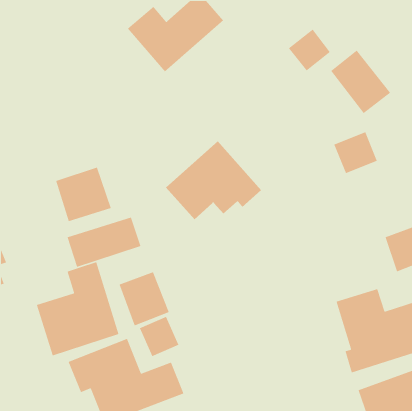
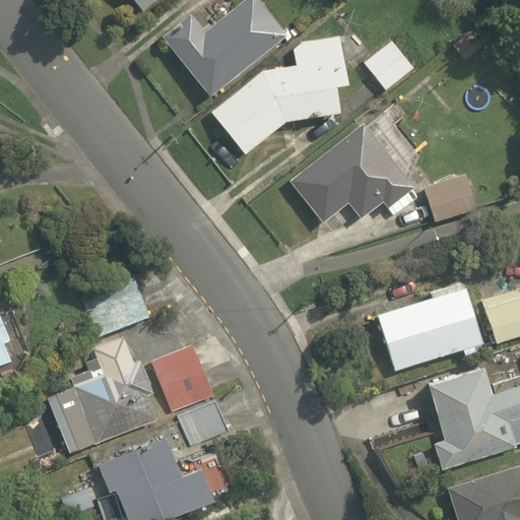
building: none -> [210,38,348,153]
building: [330,50,391,114] -> none
building: [165,140,262,220] -> [291,124,412,223]
building: [55,167,112,222] -> none
building: none -> [376,282,485,371]

